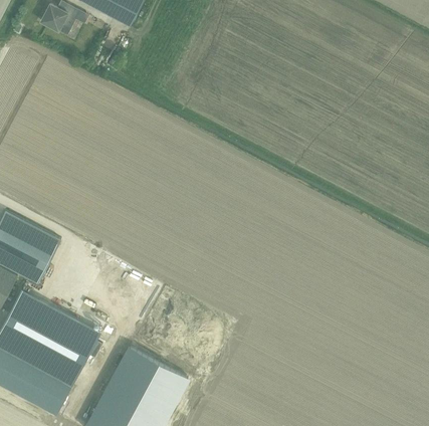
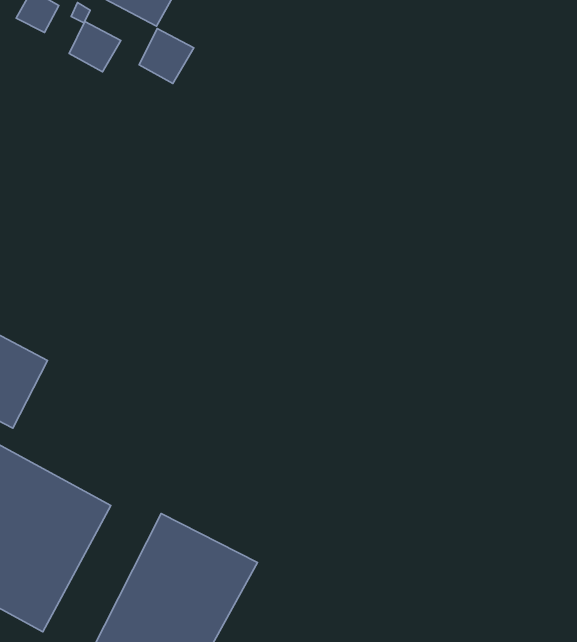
building: none -> [69,21,121,72]
building: none -> [139,29,194,83]

